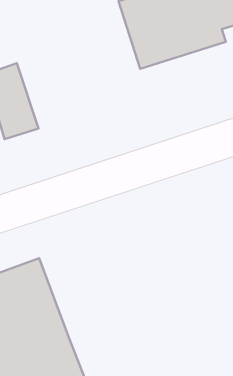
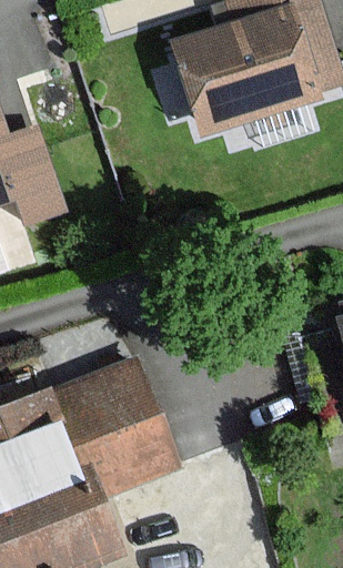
building: none -> [67,361,188,494]

